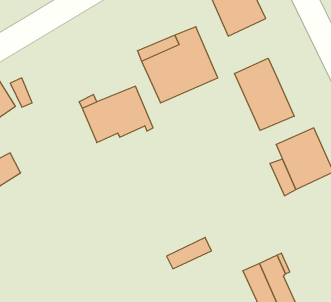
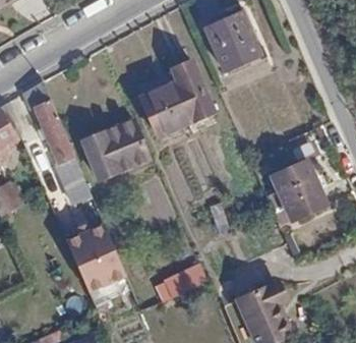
building: none -> [22,82,92,205]
building: [235,58,294,130] -> none
building: none -> [73,223,126,302]

